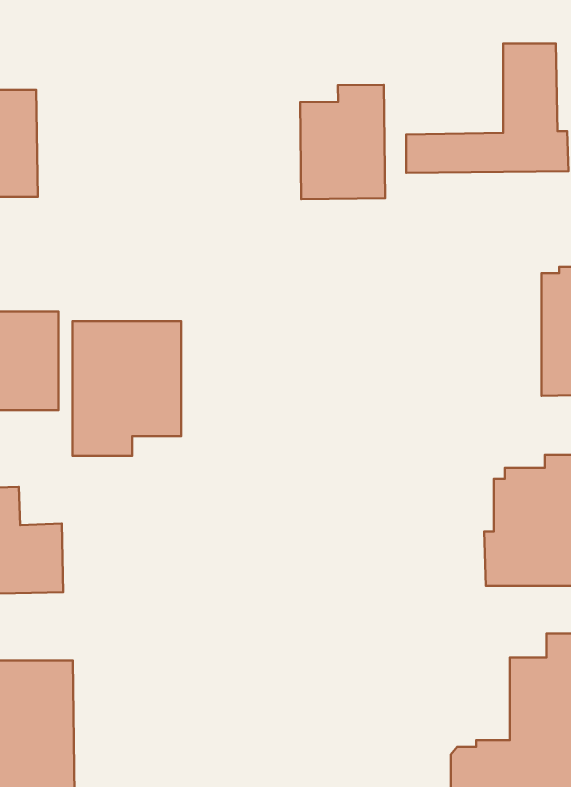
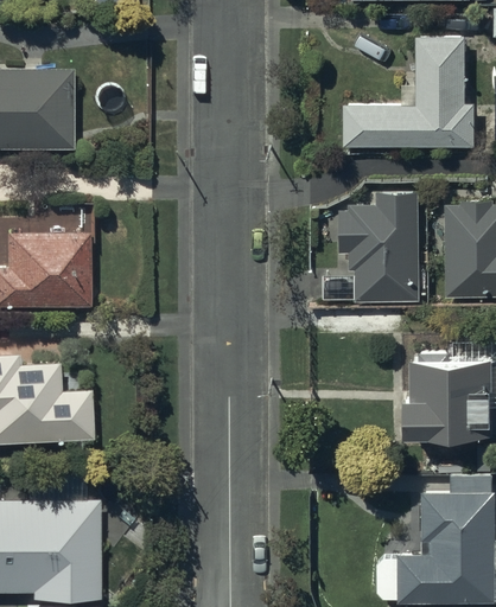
building: [300,85,385,199] -> none
building: none -> [341,194,419,301]
building: [72,321,181,456] -> none

